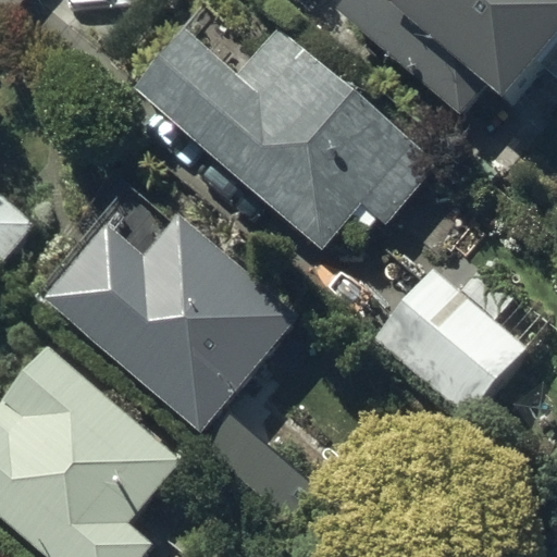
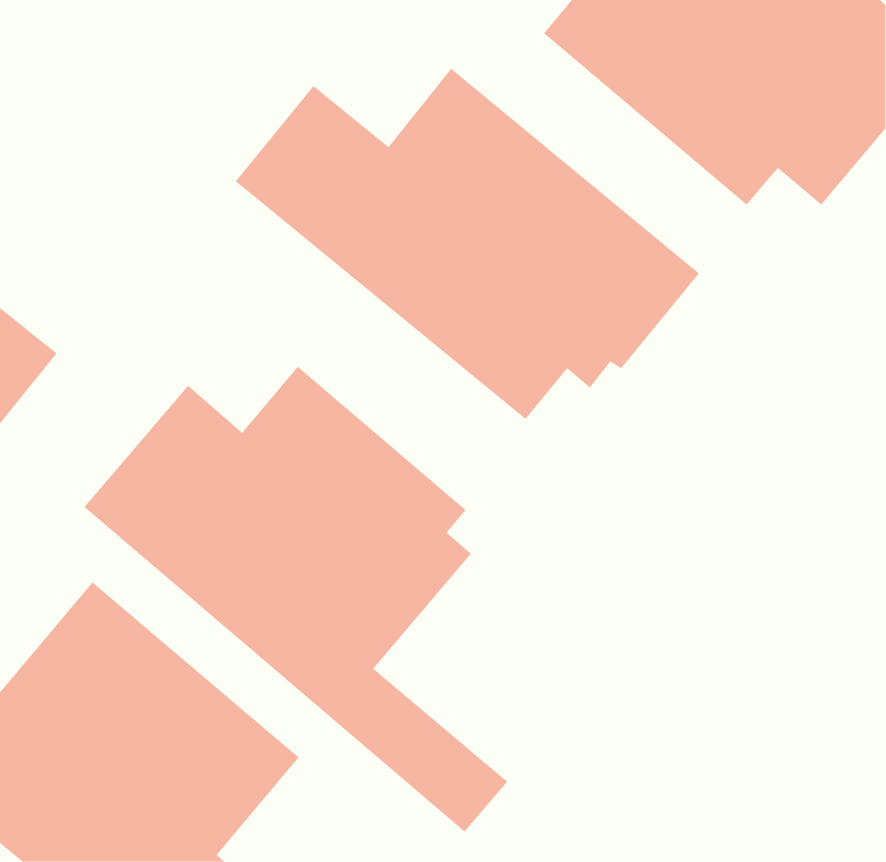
building: [379,272,537,428] -> none

